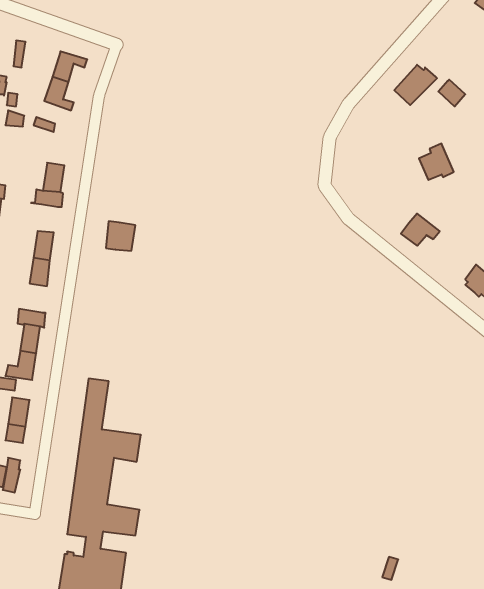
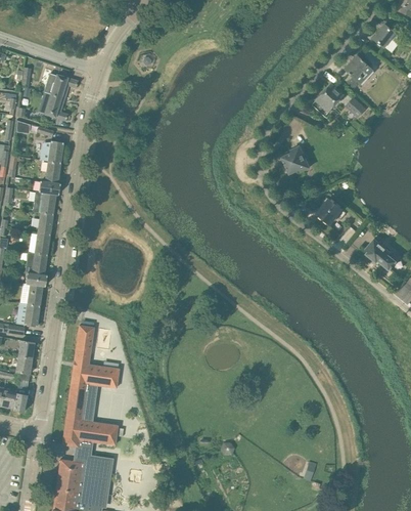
building: none -> [345,55,374,89]
building: none -> [39,141,62,163]
building: [419,144,454,180] -> [282,146,309,174]
building: [106,221,135,251] -> [33,191,55,214]
building: none -> [25,253,47,275]

